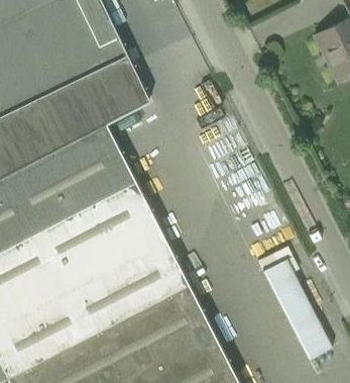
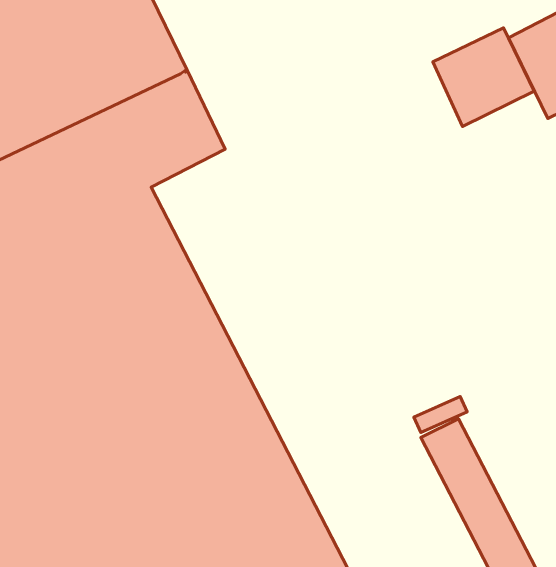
building: none -> [433,28,534,127]

